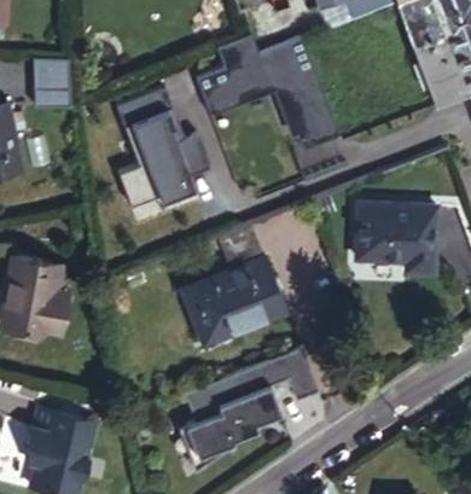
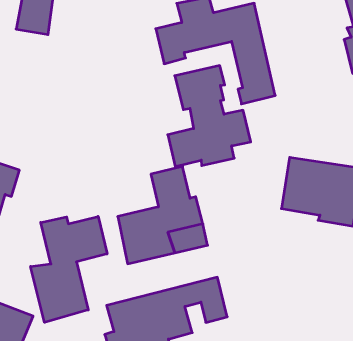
building: [116,91,210,209] -> [168,66,251,166]
building: none -> [31,216,107,322]

